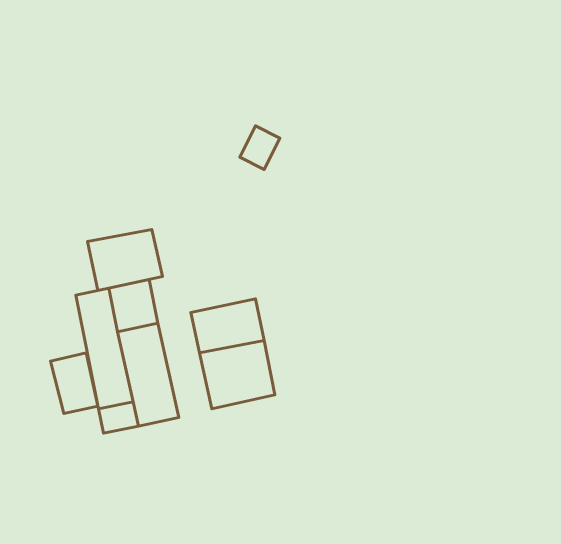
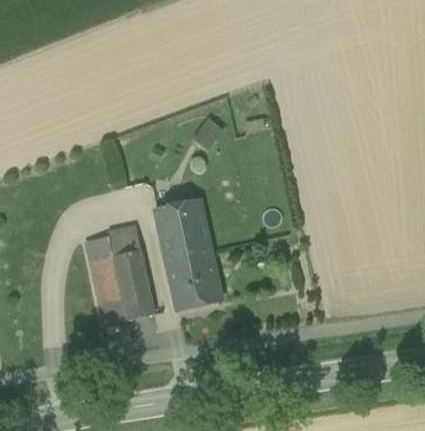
building: [87,229,162,291] -> [156,203,207,245]
building: [51,353,98,414] -> none

